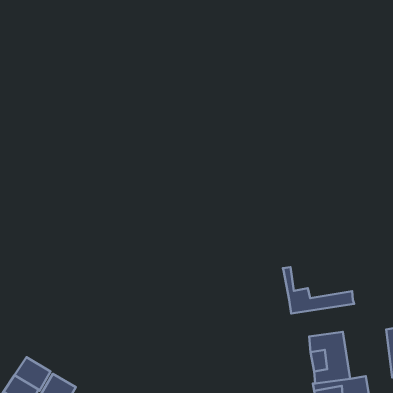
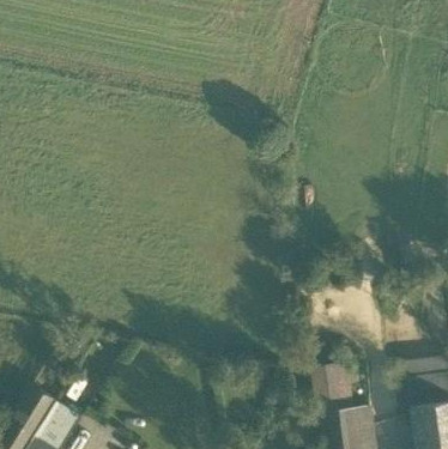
building: [283,267,354,313] -> none

